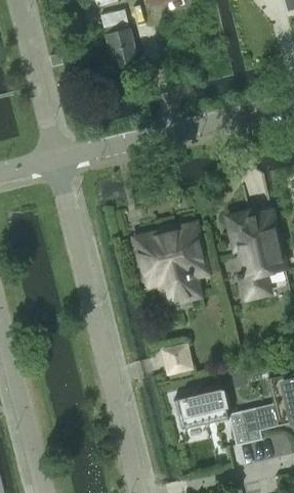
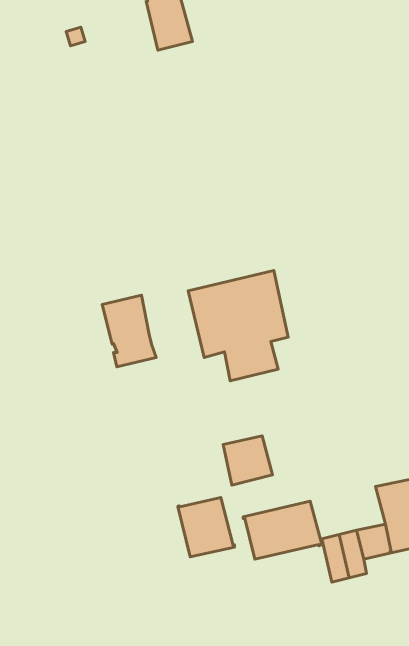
building: [228,212,285,297] -> none
building: none -> [102,295,156,367]
building: none -> [178,497,235,557]

